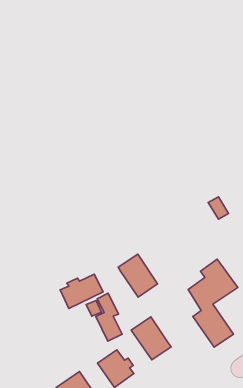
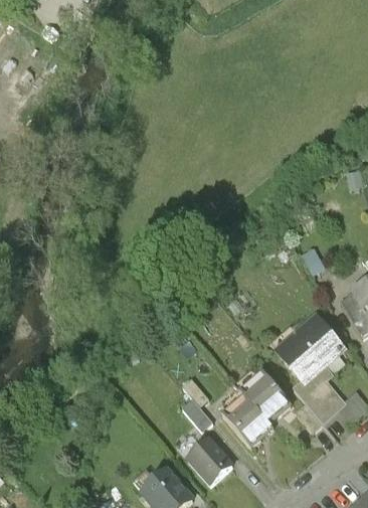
building: [118,254,158,297] -> [240,370,289,420]
building: [60,274,103,309] -> none

